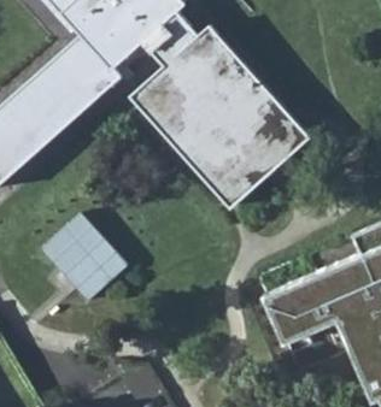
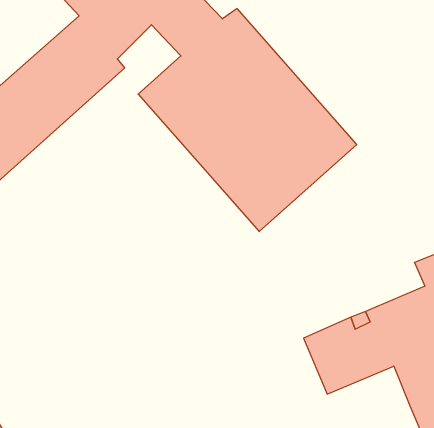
building: [39,212,127,301] -> none

